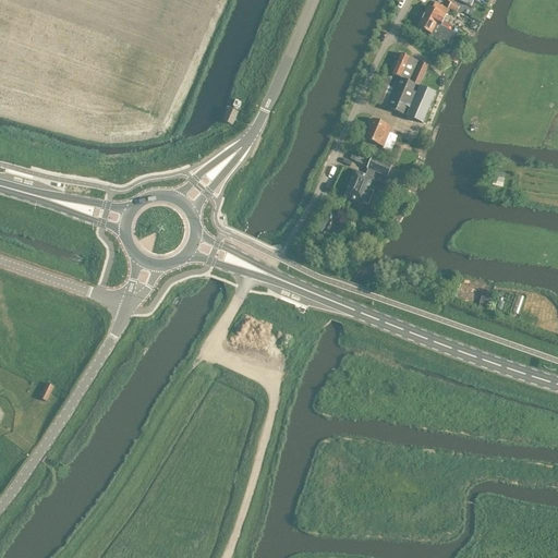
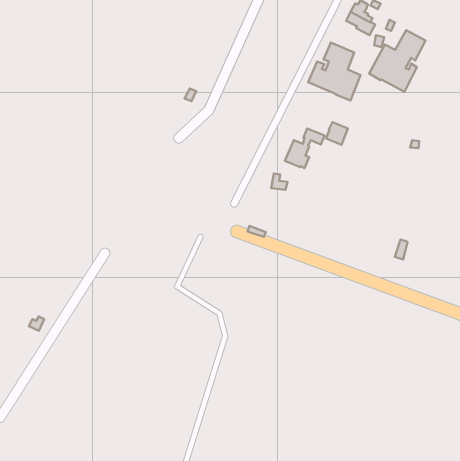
building: none -> [369,30,426,92]
building: [366,117,392,144] -> [326,122,348,145]

